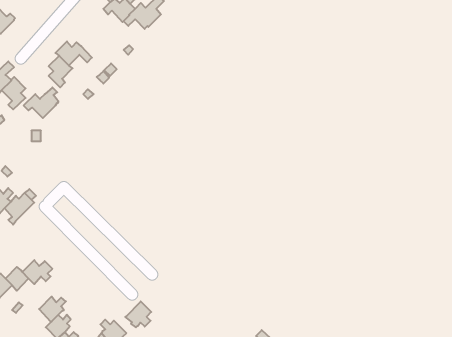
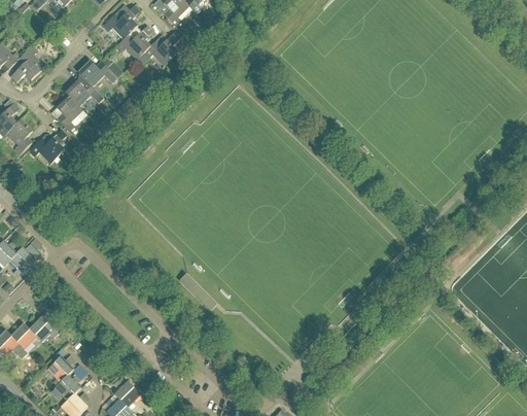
building: none -> [9,45,44,83]
building: none -> [77,61,117,86]
building: [125,301,151,327] -> none

